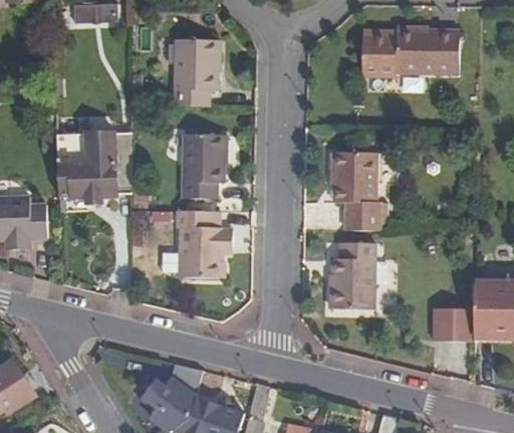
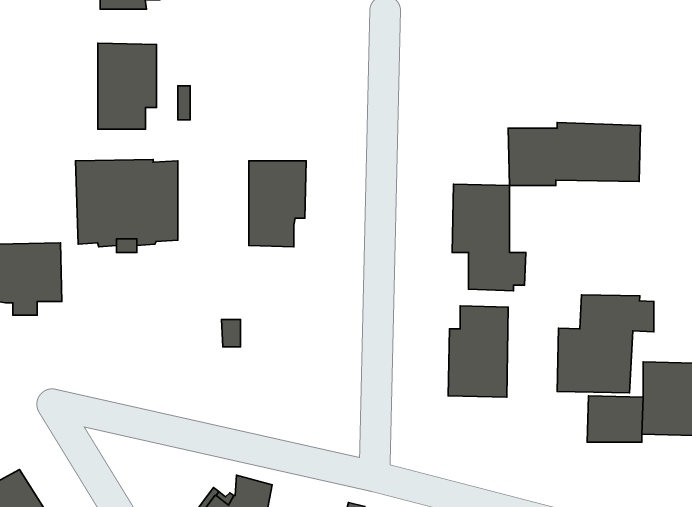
building: [361,29,459,75] -> [508,123,640,185]
building: [175,42,218,105] -> [98,43,156,129]
building: [179,210,232,282] -> none
building: none -> [557,295,654,393]

